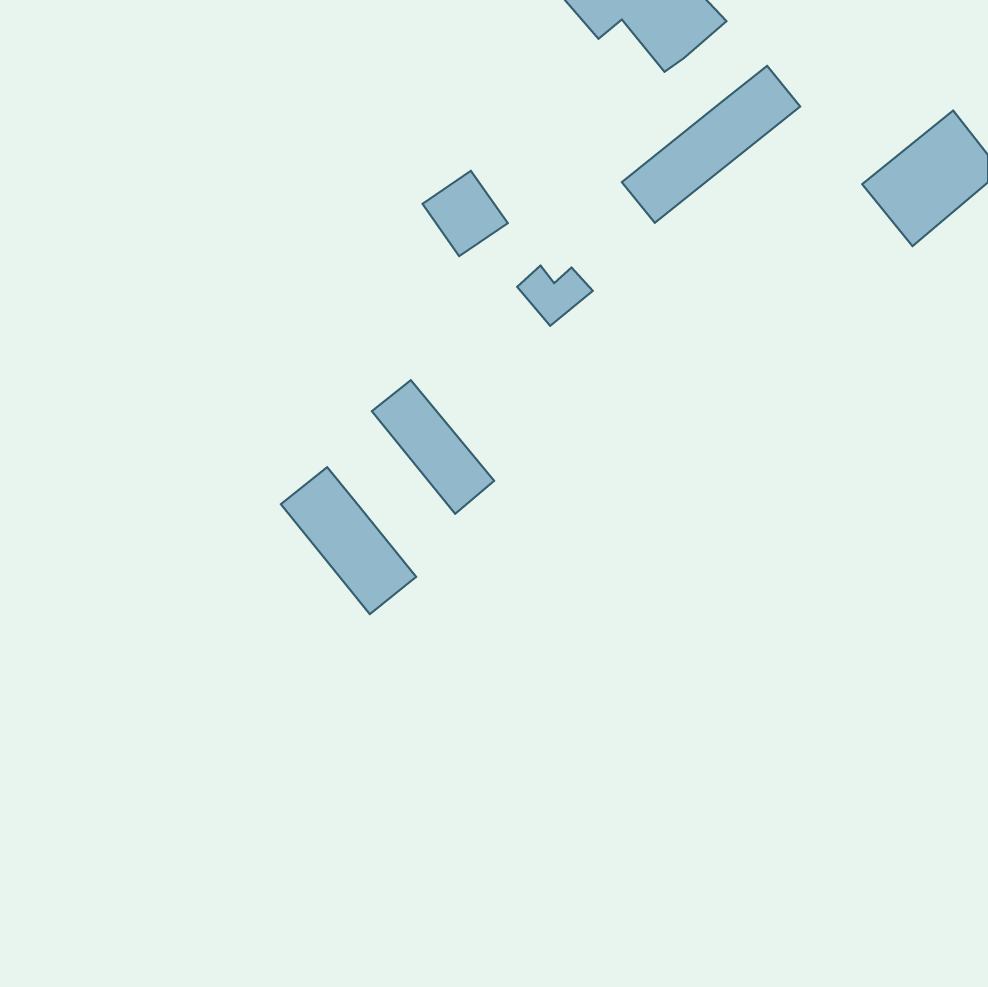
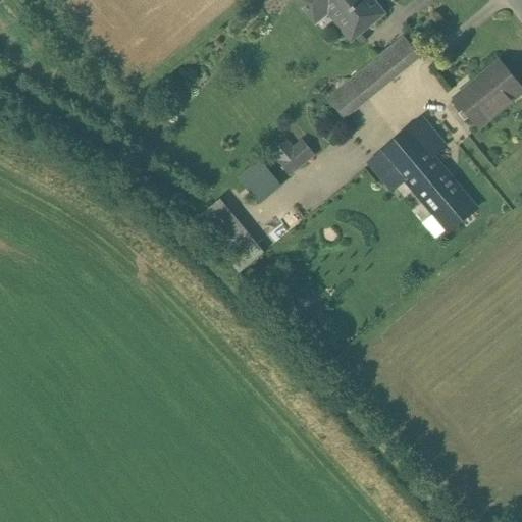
building: [422,171,508,256] -> [236,156,280,201]
building: none -> [371,119,474,229]
building: [281,467,416,614] -> none

